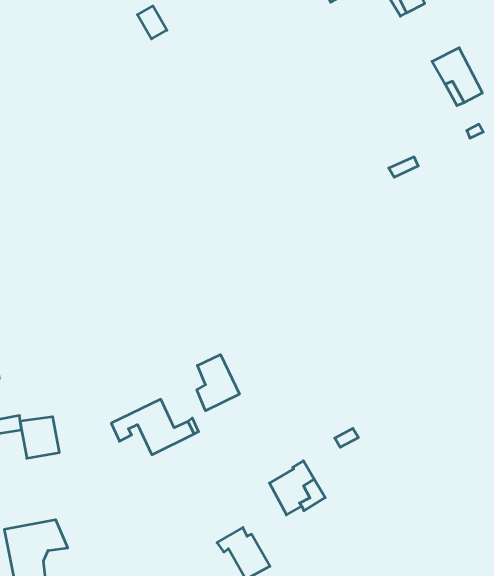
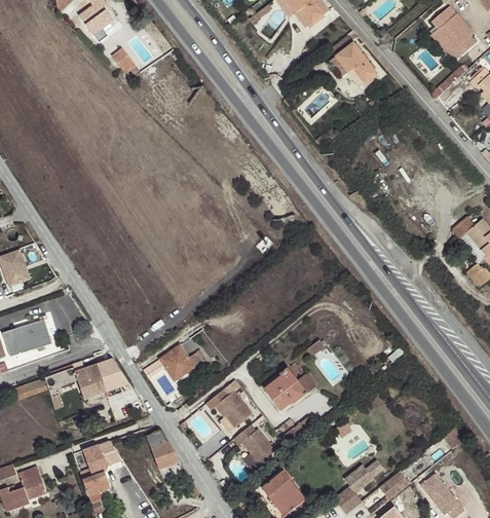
building: [197,355,239,411] -> none
building: none -> [97,359,128,391]
building: none -> [204,390,252,429]
building: none -> [148,433,181,469]

